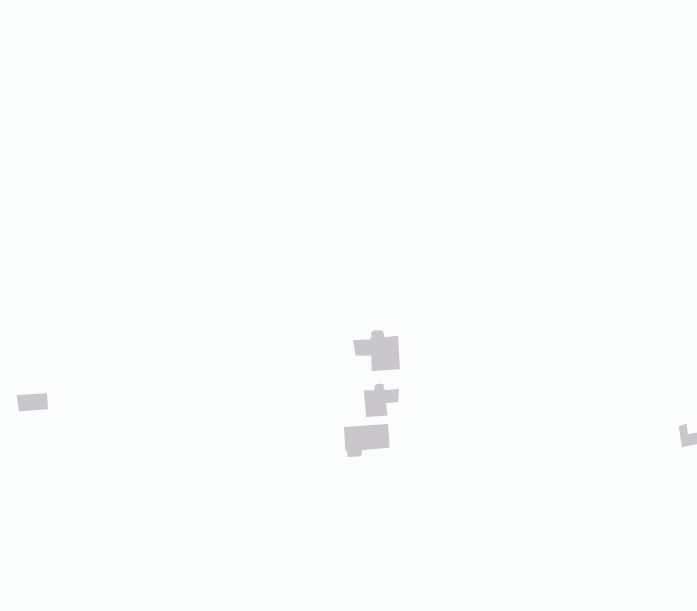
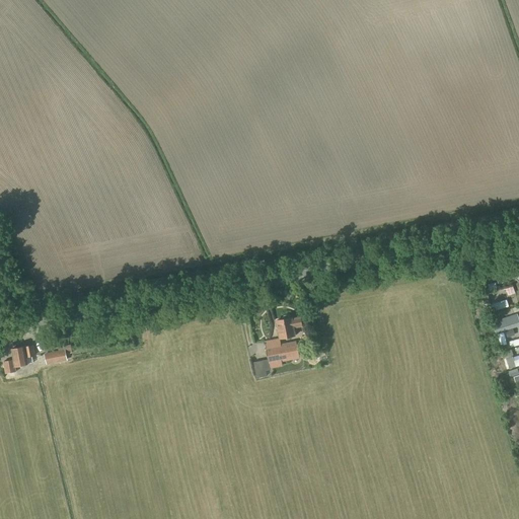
building: [352,330,400,372] -> none

